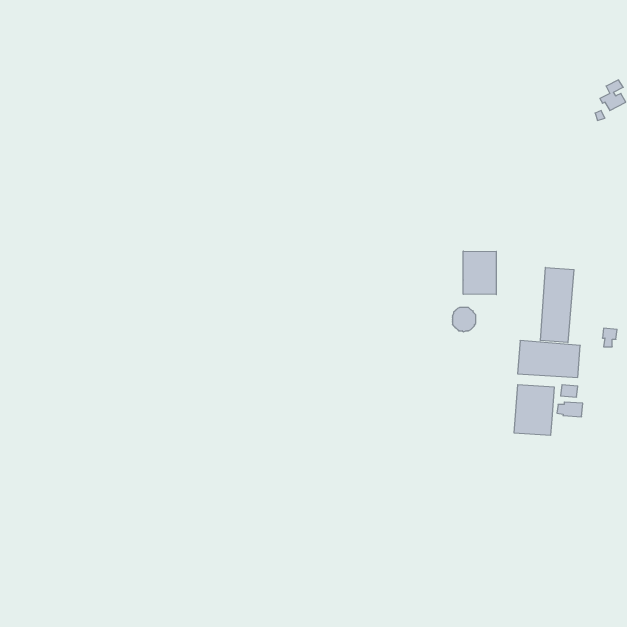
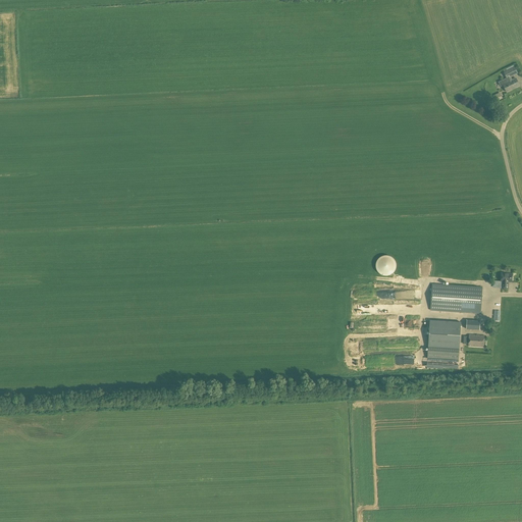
building: [463,251,496,295] -> none
building: [540,267,574,343] -> none

